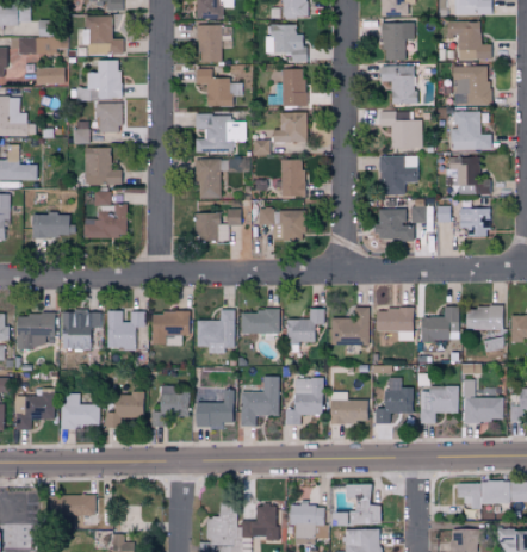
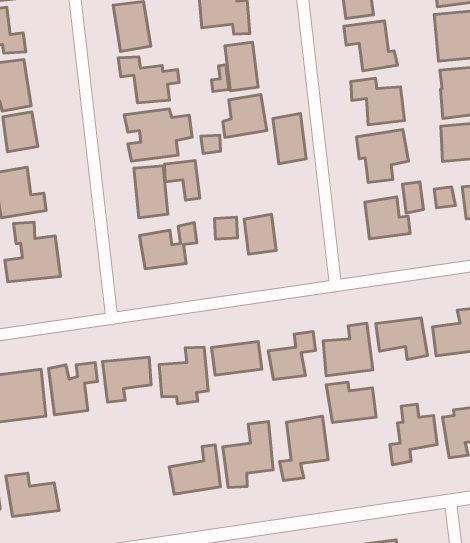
building: [280,159,303,197] -> [273,114,306,164]
building: [151,385,188,427] -> none
building: [105,392,143,428] -> none
building: [329,392,366,423] -> [326,382,376,423]

